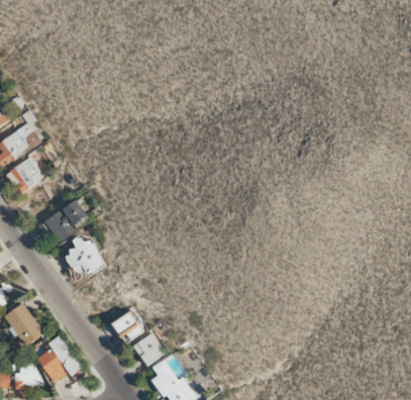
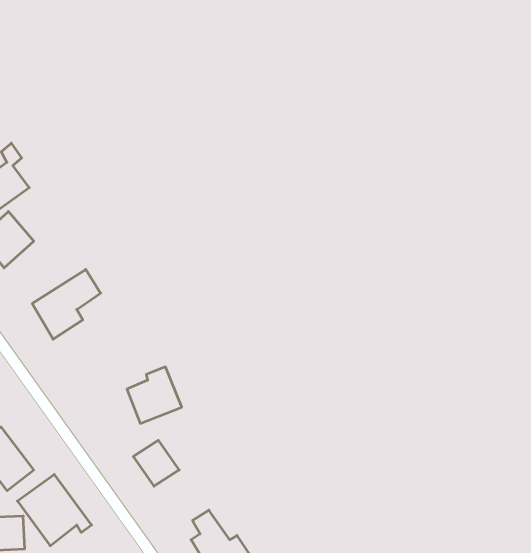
building: [65,238,102,277] -> [127,367,182,423]
building: [131,333,165,367] -> none

